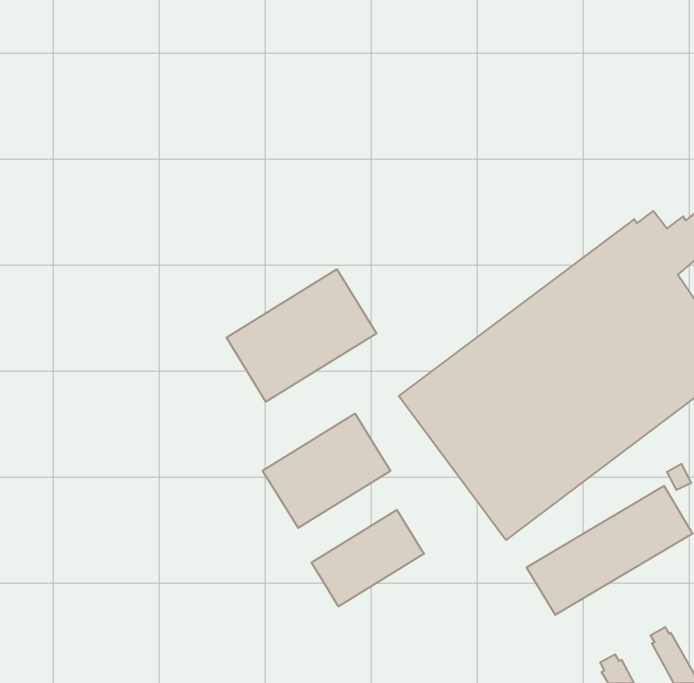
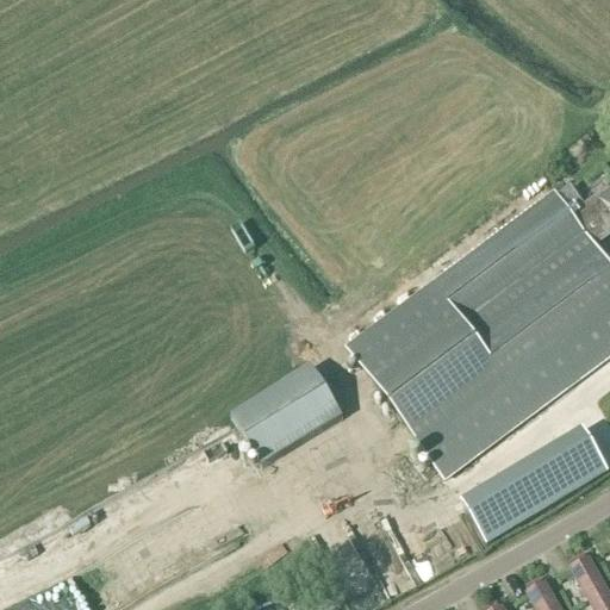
building: [226,269,376,402] -> none
building: [312,510,424,607] -> none

